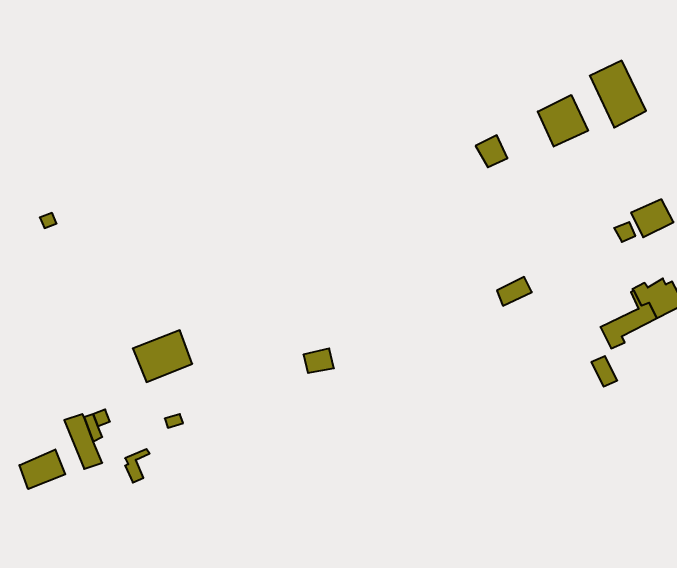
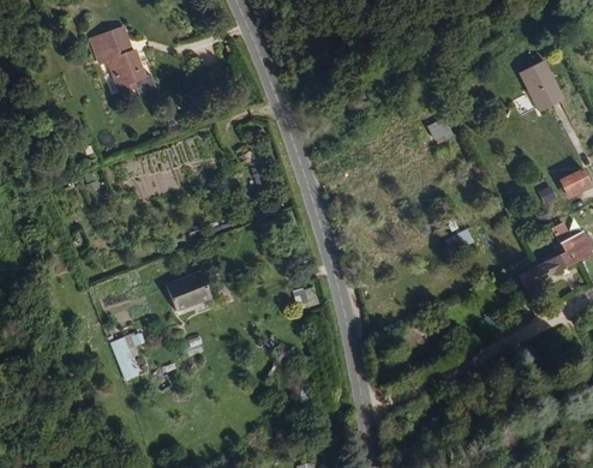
building: none -> [89,26,154,94]
building: [538,95,588,147] -> none
building: [19,449,65,489] -> none

